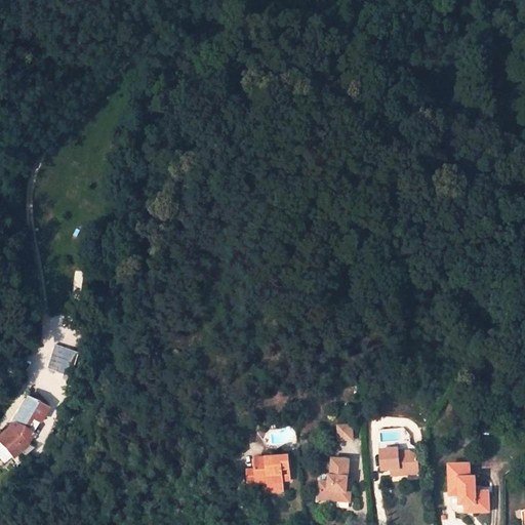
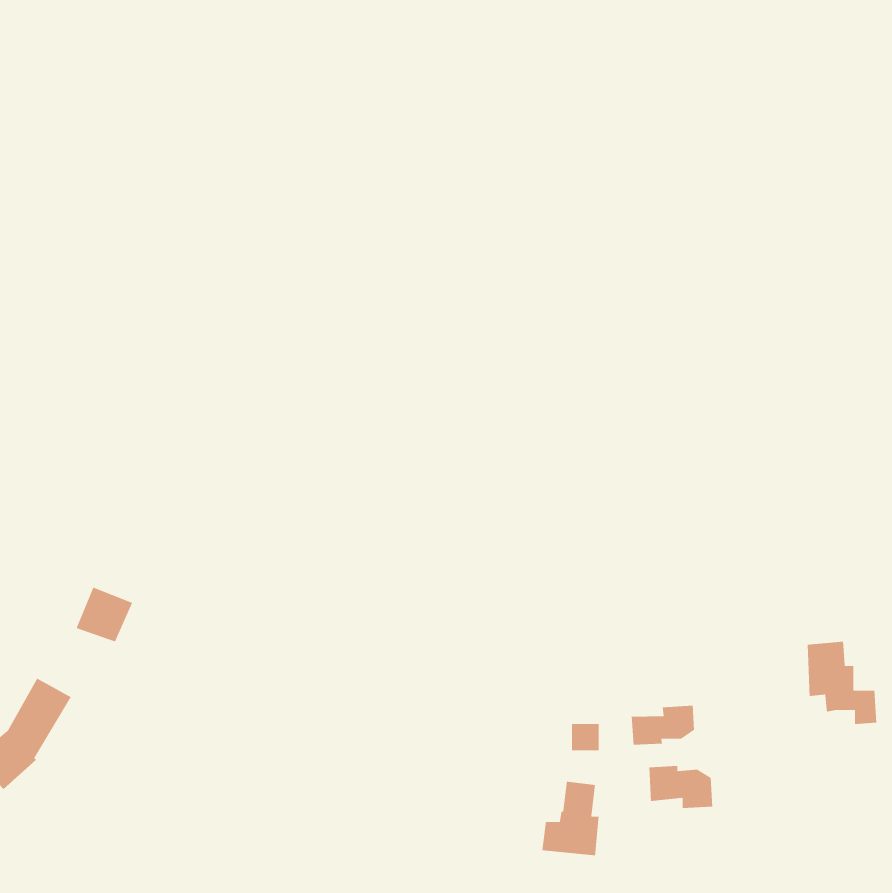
building: none -> [631,705,695,746]
building: [246,455,289,486] -> none
building: [447,462,488,512] -> [807,641,877,725]

